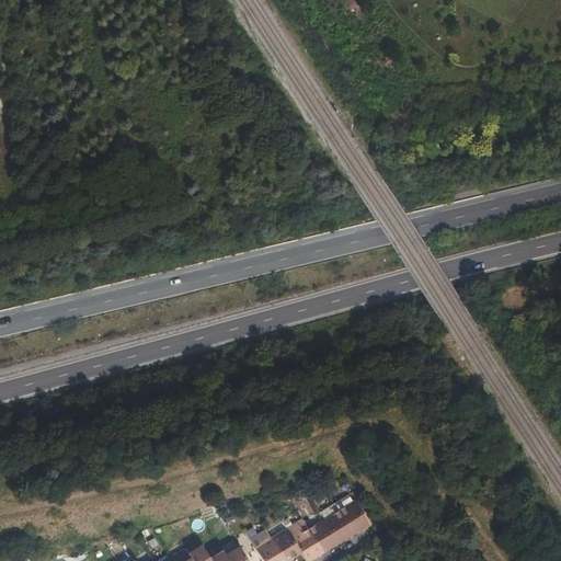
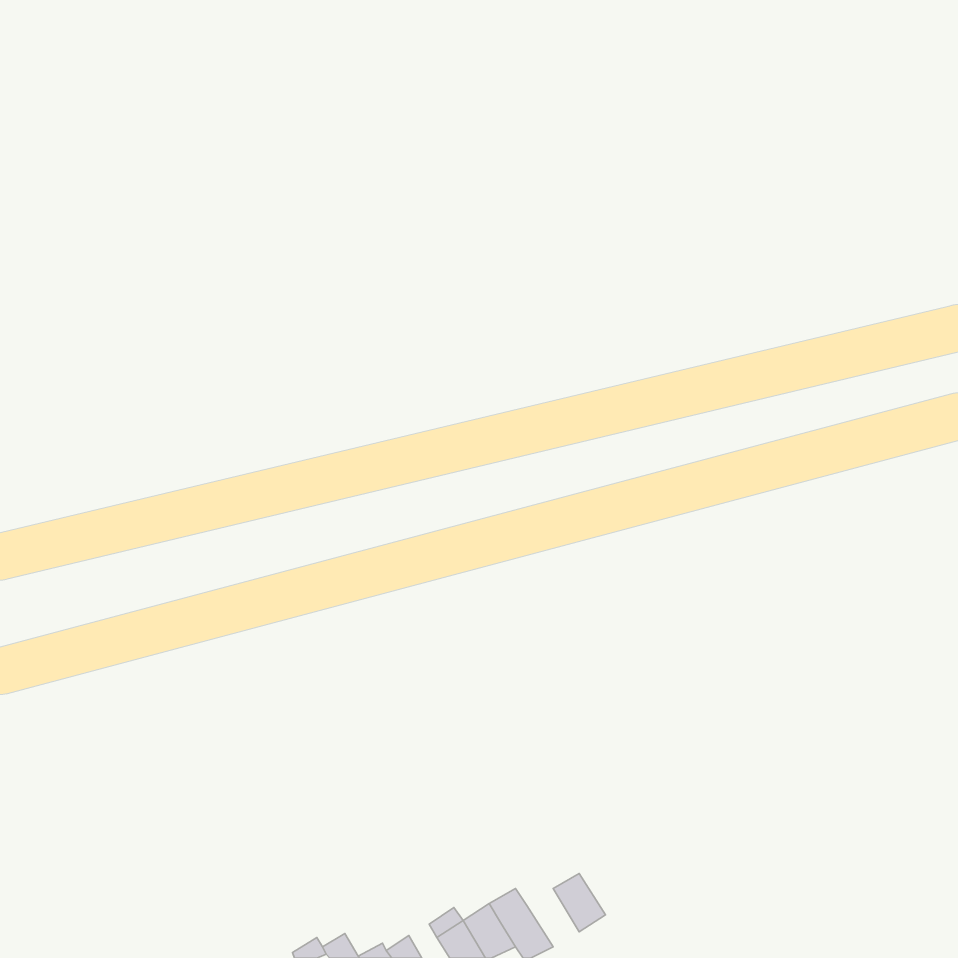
building: [339,501,370,535] -> none
building: [308,519,339,553] -> none

